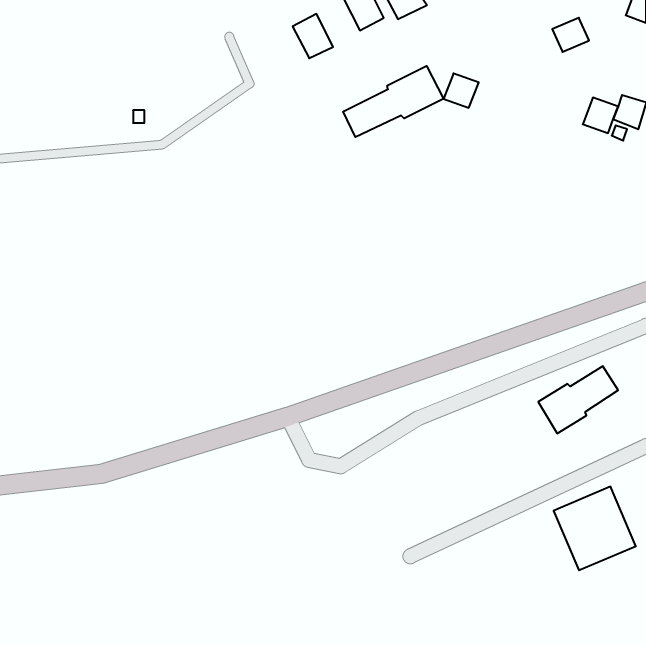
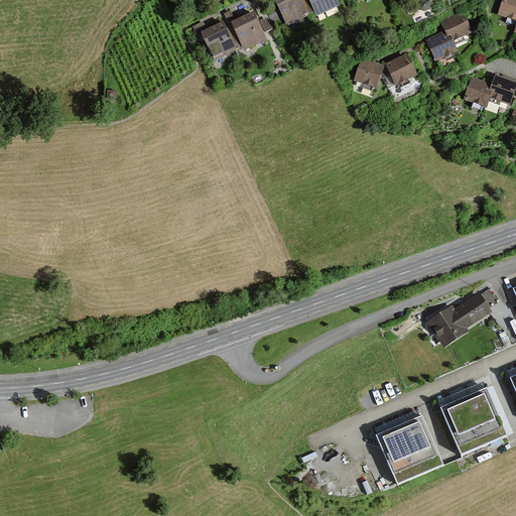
building: none -> [203,21,235,56]
building: none -> [425,34,453,62]
building: [343,66,443,137] -> none
building: none -> [385,55,414,84]
building: none -> [376,414,441,482]

